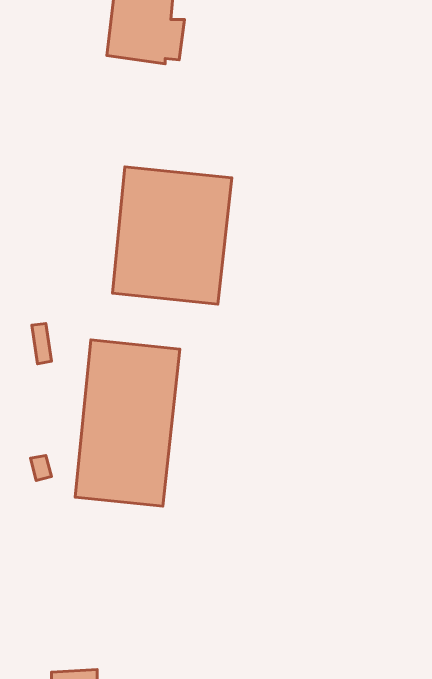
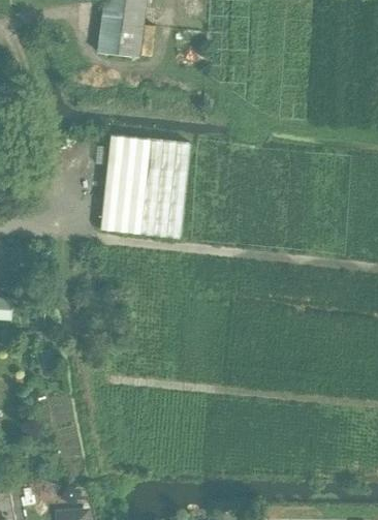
building: [75,340,180,506] -> none

